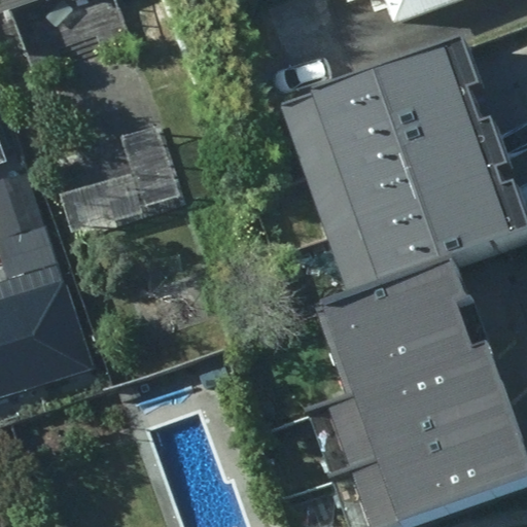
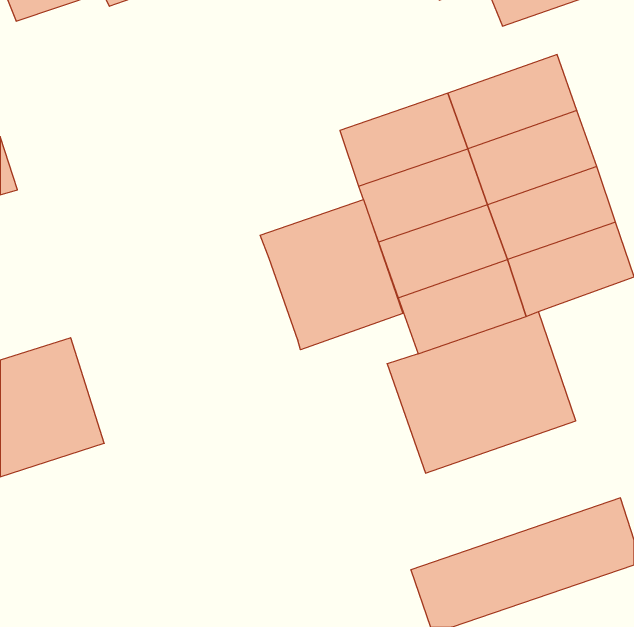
building: [40,125,186,237] -> none
building: none -> [260,200,403,350]
building: [317,344,515,472] -> none

